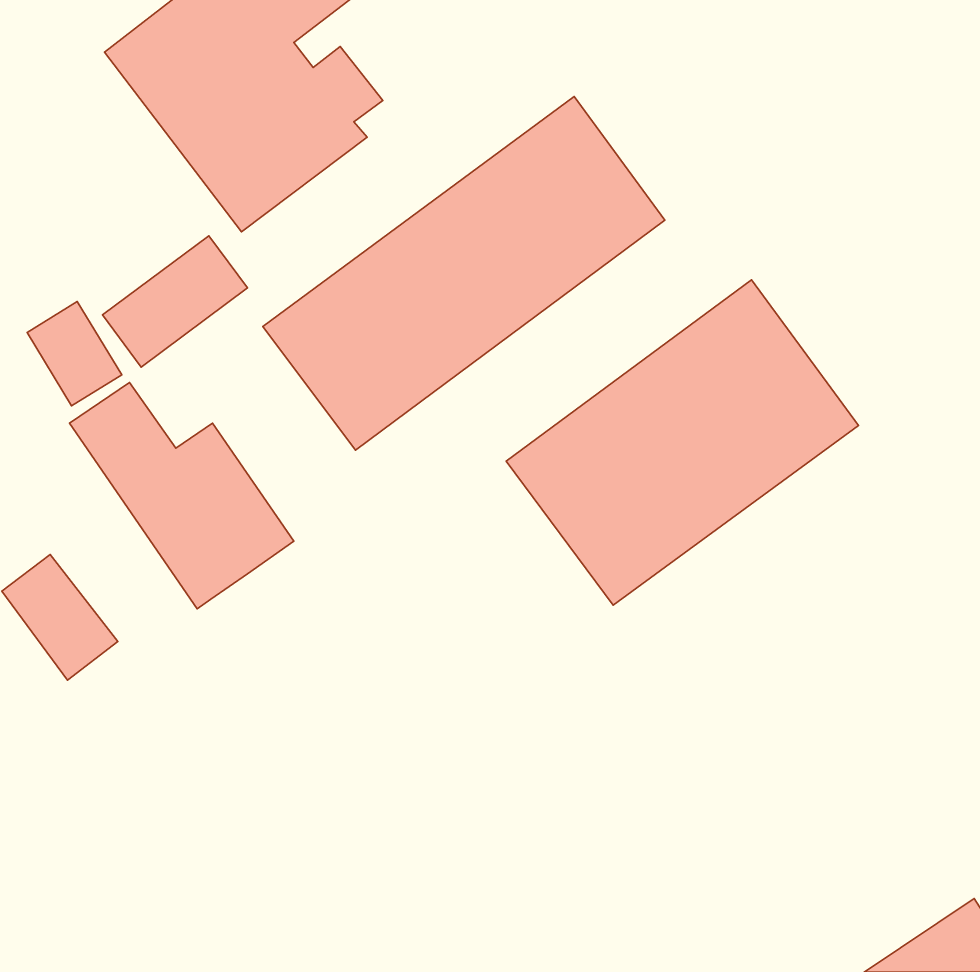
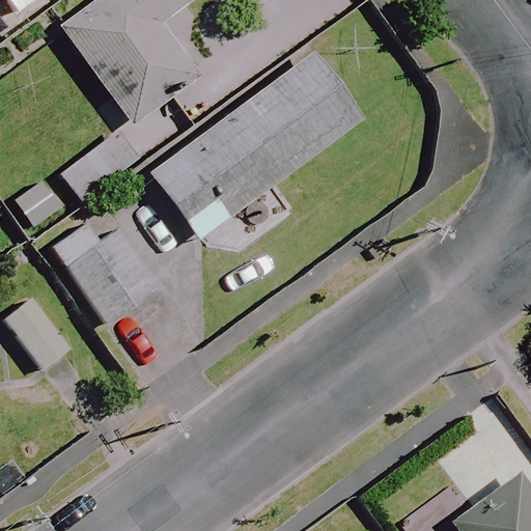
building: [506,280,858,605] -> none

